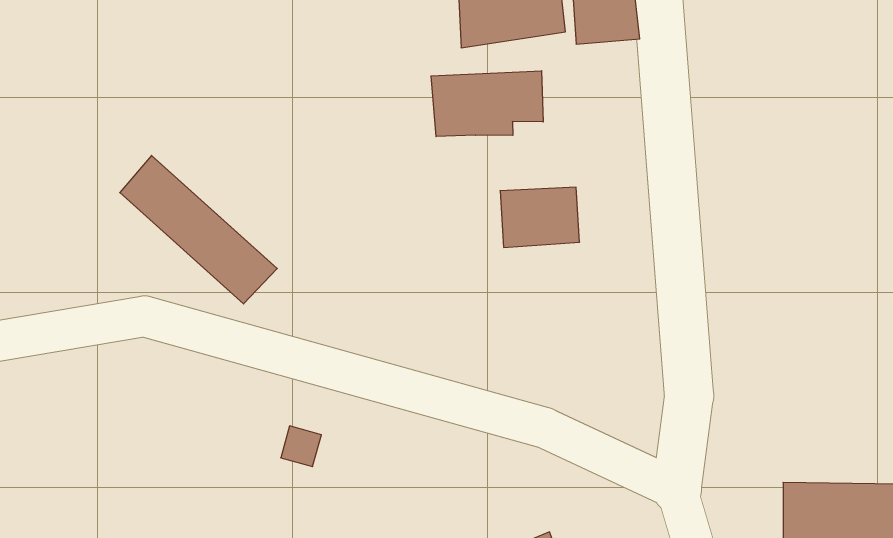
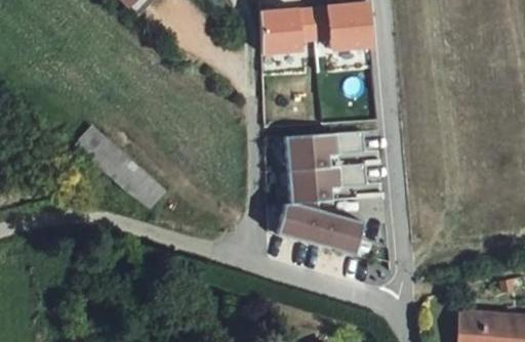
building: [431,71,543,137] -> none
building: none -> [294,173,339,203]
building: none -> [285,210,372,252]

